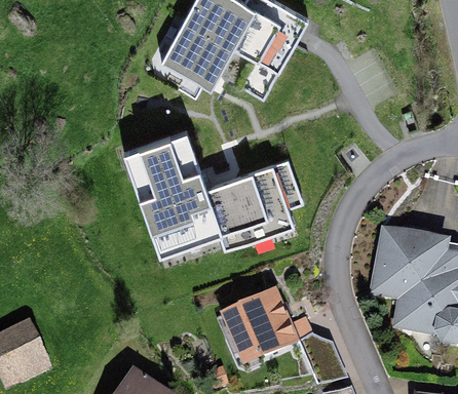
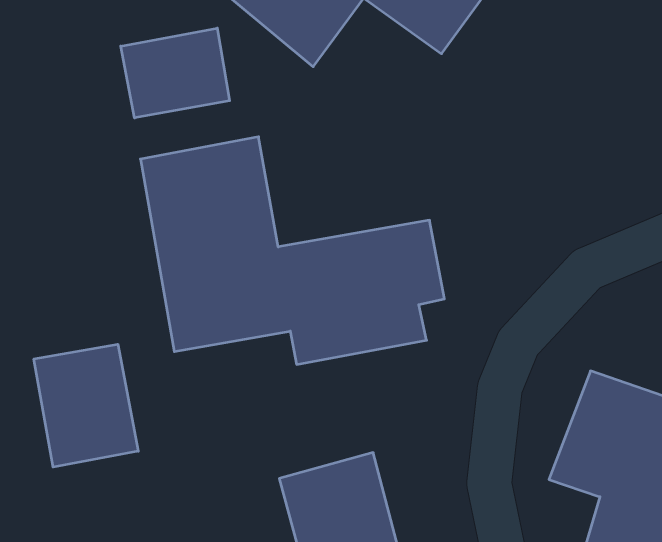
building: none -> [121,28,230,118]
building: none -> [34,344,138,467]

